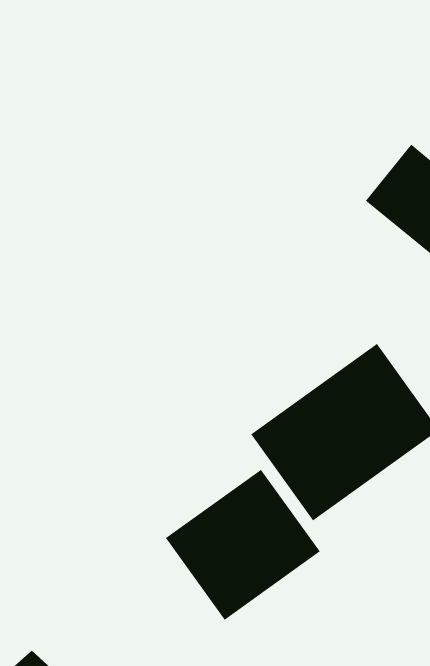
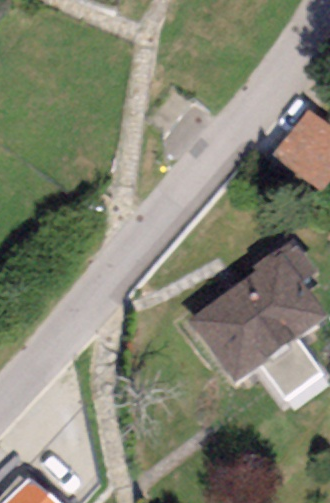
building: [165,469,321,621] -> none

